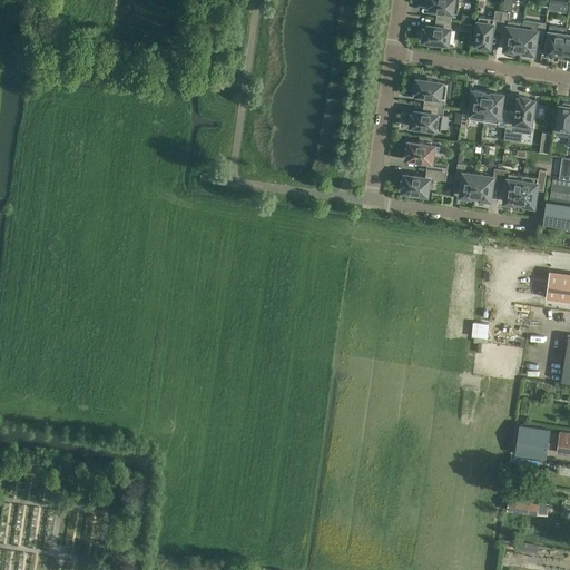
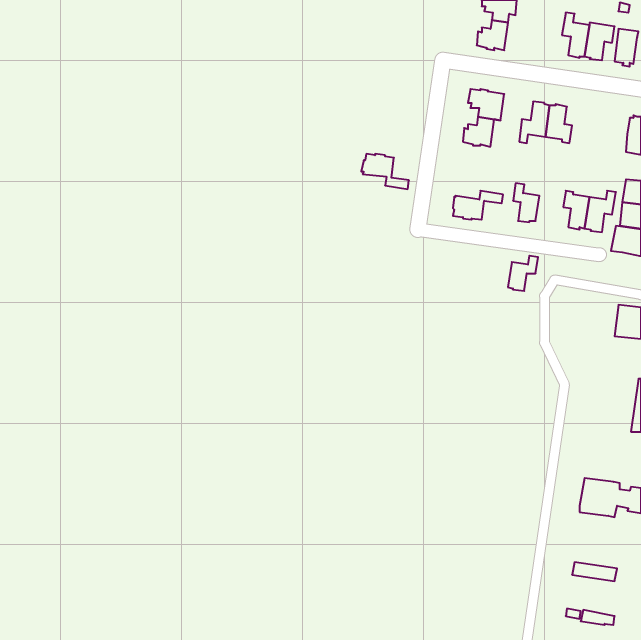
building: [474,11,502,48] -> none
building: [505,98,534,129] -> none
building: [405,142,448,174] -> [361,154,409,189]
building: [475,169,502,200] -> [508,256,538,291]

